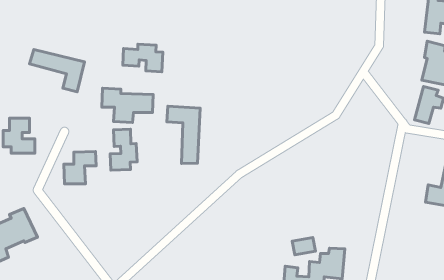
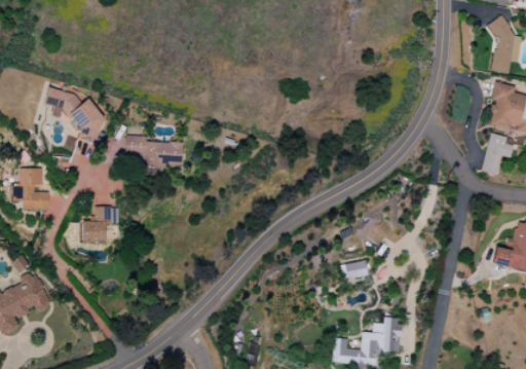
building: [123,44,163,72] -> none
building: [167,106,200,163] -> none
building: [110,129,137,170] -> none
building: [292,238,316,255] -> [341,260,368,280]

